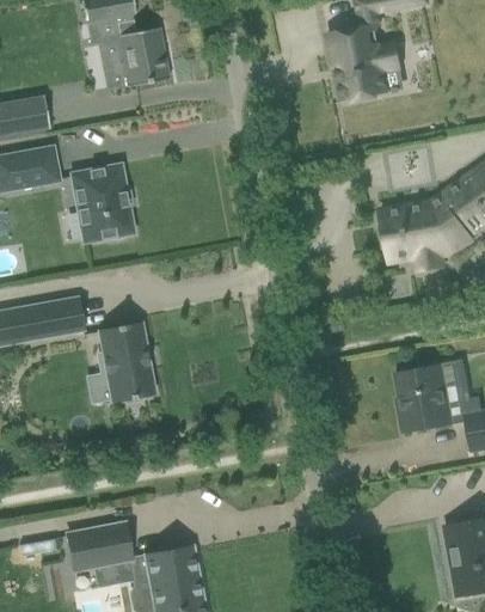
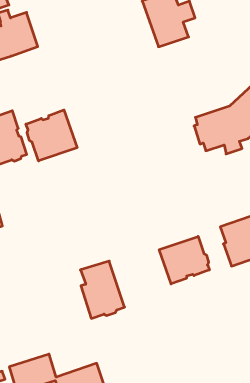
building: none -> [26,110,77,161]
building: [96,323,154,402] -> [80,261,125,318]
building: none -> [159,236,209,284]

